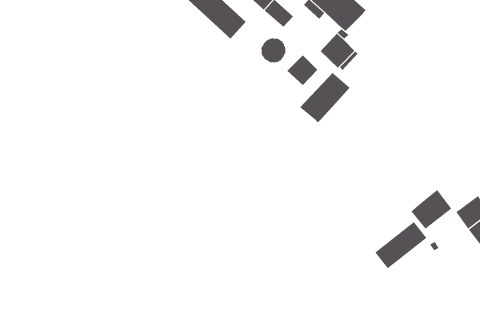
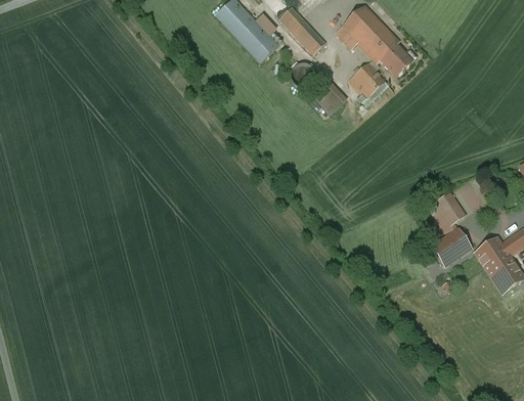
building: none -> [380,45,417,77]
building: [300,72,351,123] -> none
building: none -> [430,192,469,237]
building: [375,221,427,269] -> none

